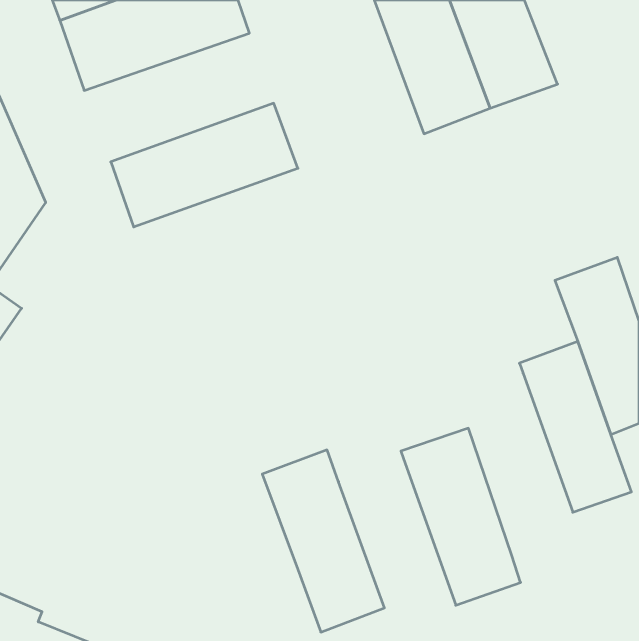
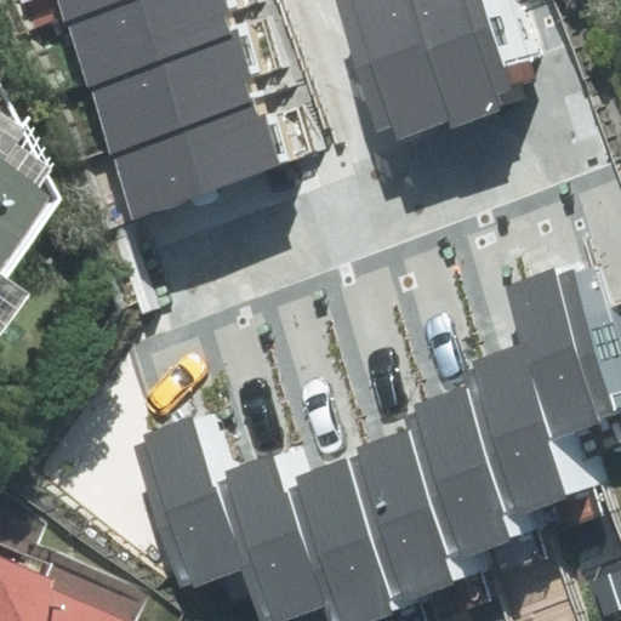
building: none -> [80,41,261,164]
building: none -> [437,365,552,539]
building: none -> [160,403,284,576]
building: none -> [323,446,437,615]

